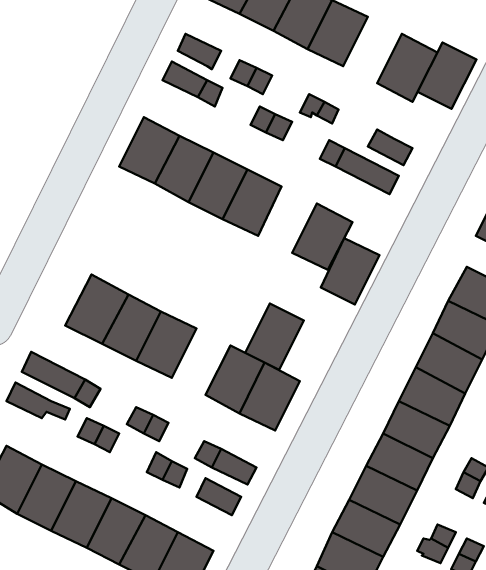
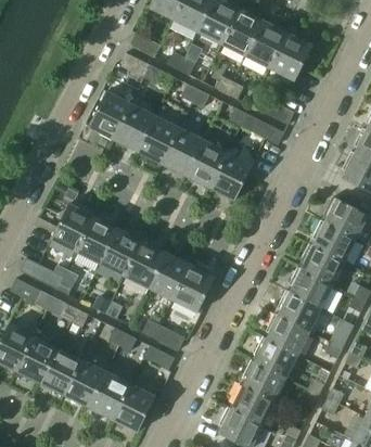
building: [418,42,476,109] -> [246,22,287,68]
building: [321,238,380,304] -> [187,141,228,188]
building: [245,304,304,370] -> [126,241,167,288]

